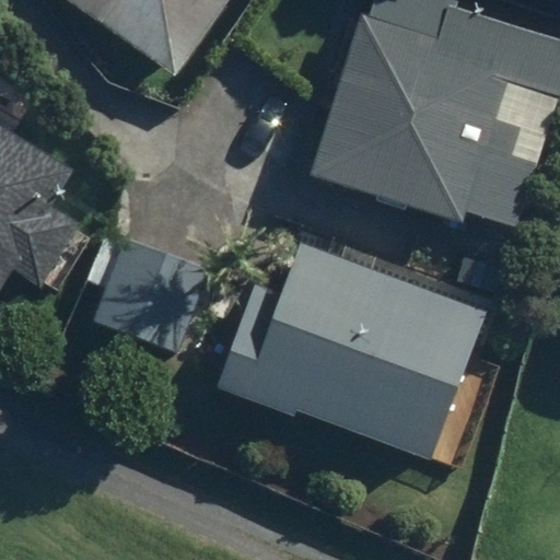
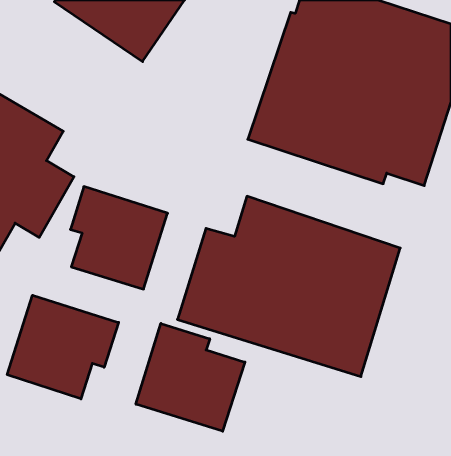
building: none -> [7,295,119,399]
building: none -> [136,323,245,431]

